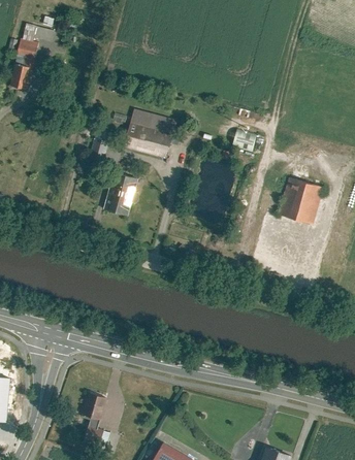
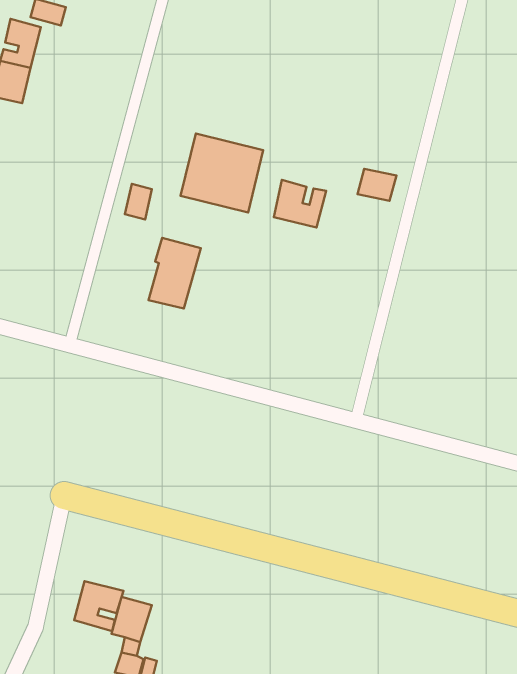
building: none -> [274,180,326,227]
building: [279,176,323,224] -> none
building: none -> [74,581,123,631]

